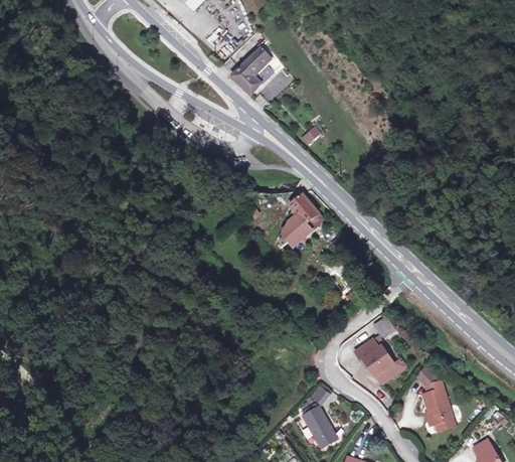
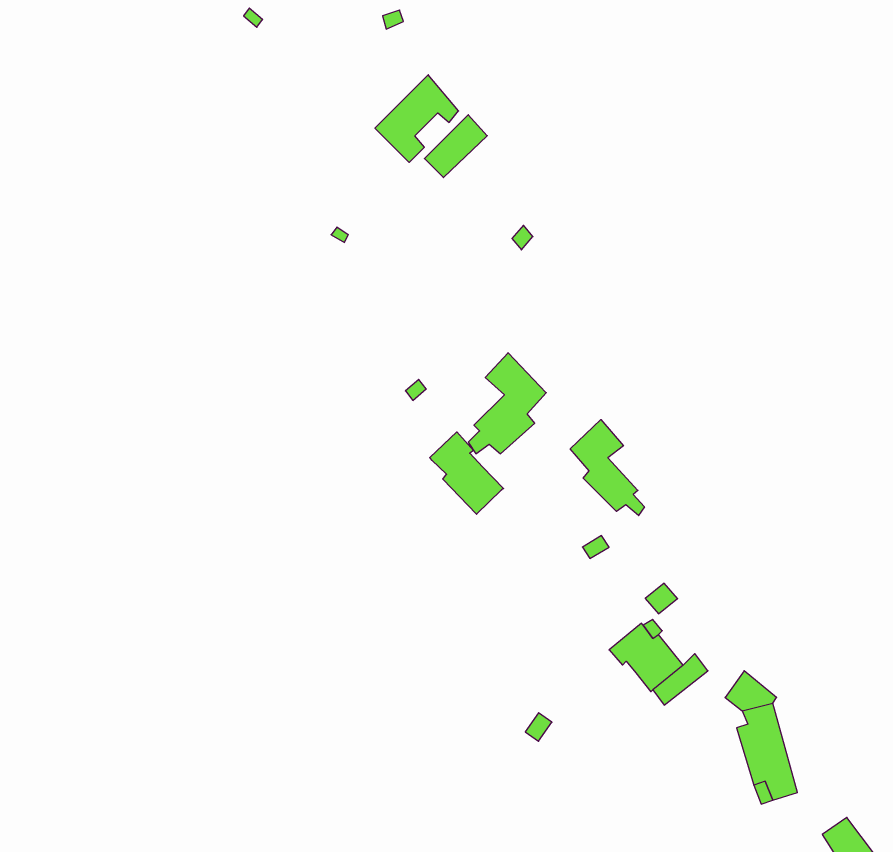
building: none -> [570,420,644,516]
building: none -> [430,432,504,514]
building: [302,406,336,447] -> none

